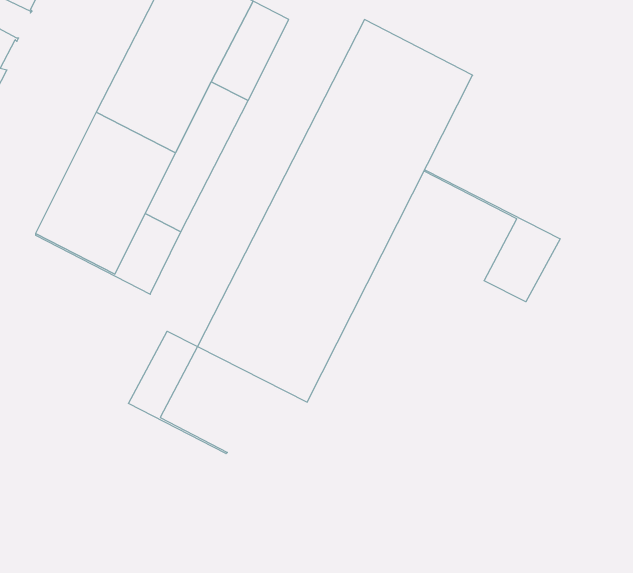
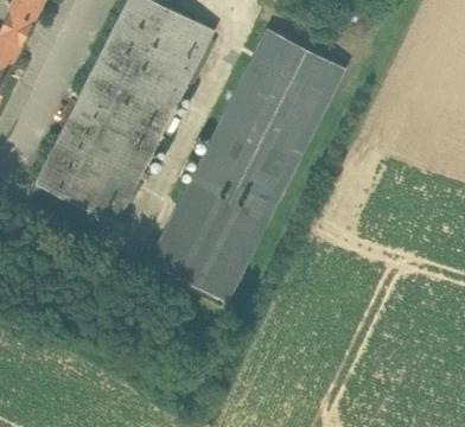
building: [424,170,560,302] -> none
building: [128,331,227,454] -> none

